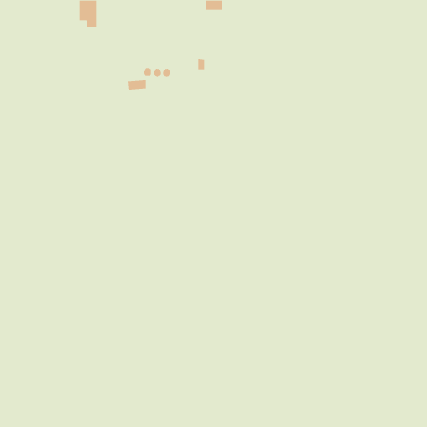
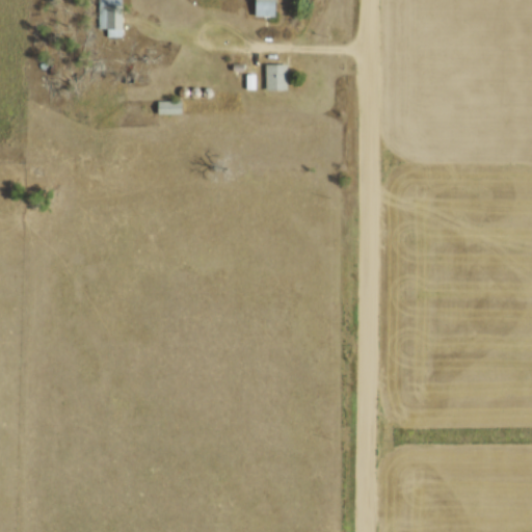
building: none -> [266,63,287,88]

